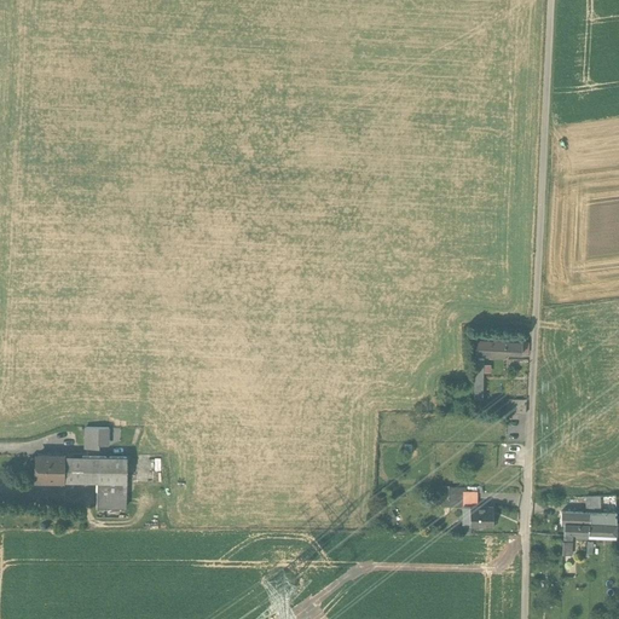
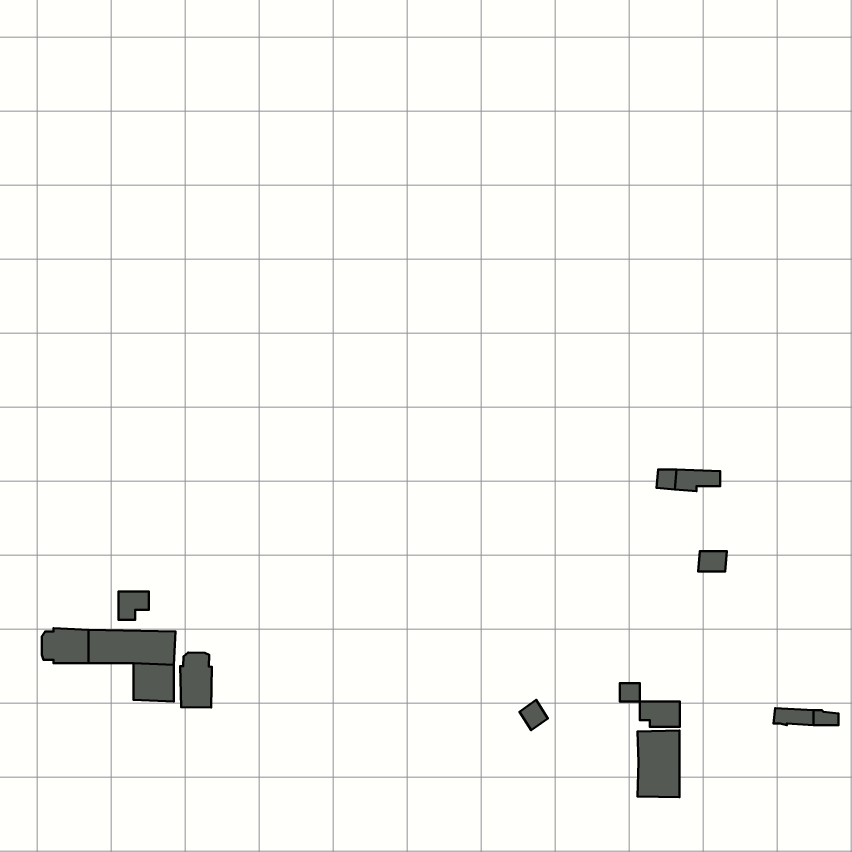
building: none -> [180,653,212,708]
building: none -> [638,731,680,797]

